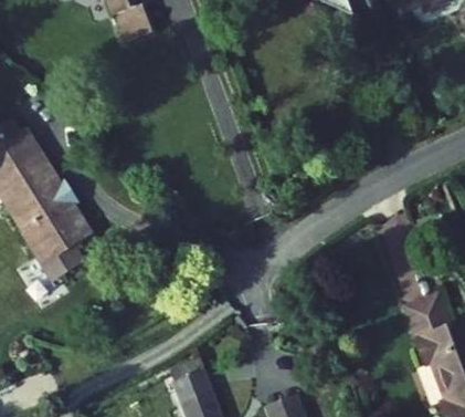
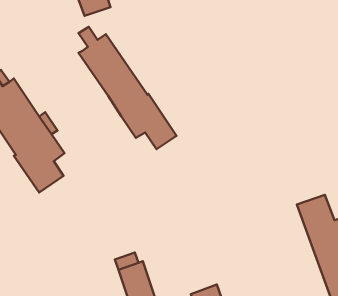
building: none -> [78,27,176,149]

